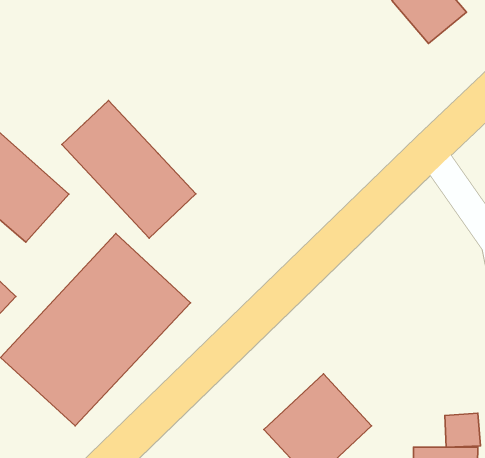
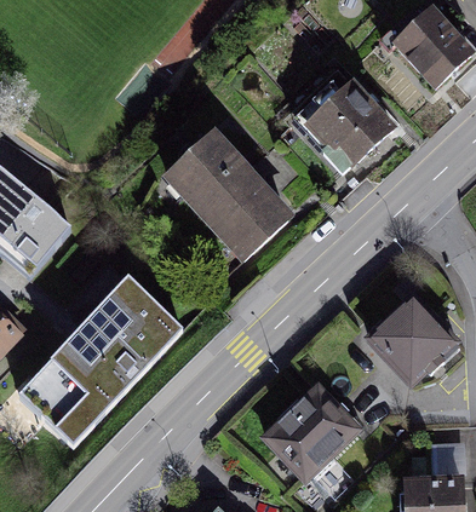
building: none -> [306,85,383,161]
building: [62,100,196,238] -> [170,123,298,255]
building: none -> [366,307,465,407]

